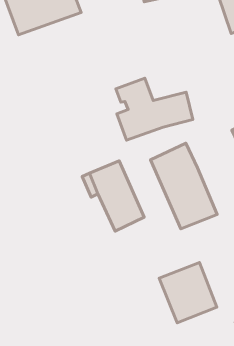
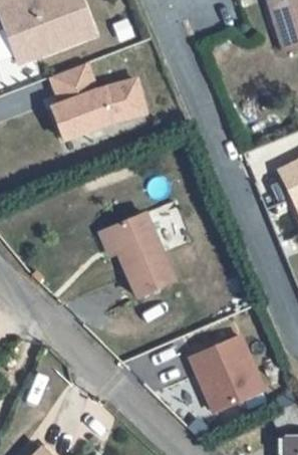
building: [116,78,193,140] -> [59,62,153,138]
building: [150,143,217,229] -> none

